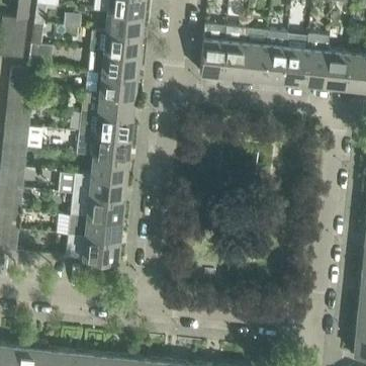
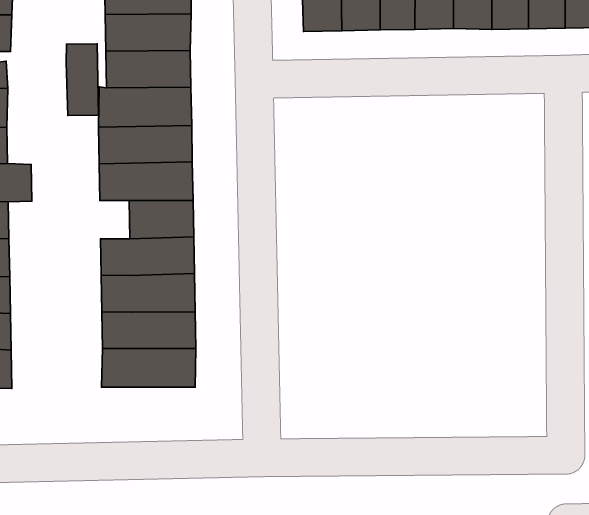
building: none -> [66,44,99,116]

